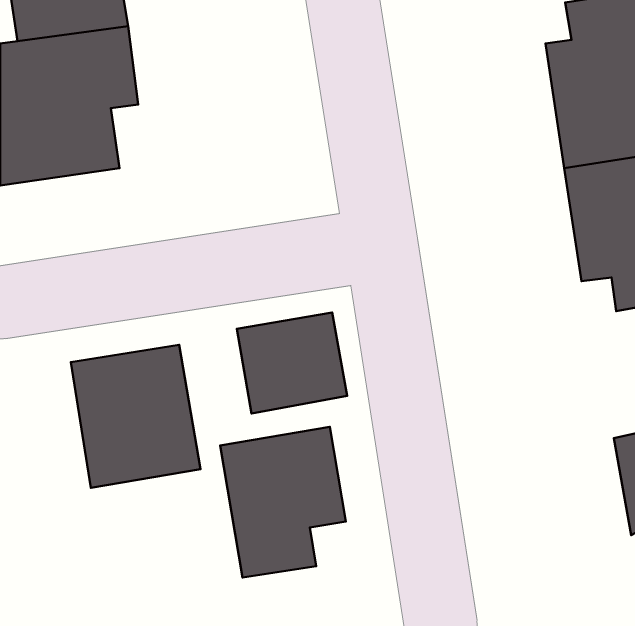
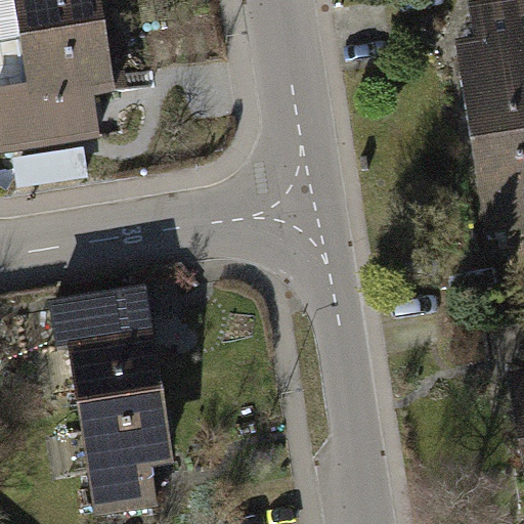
building: [237,313,347,413] -> none
building: [220,427,346,577] -> [76,386,179,510]

